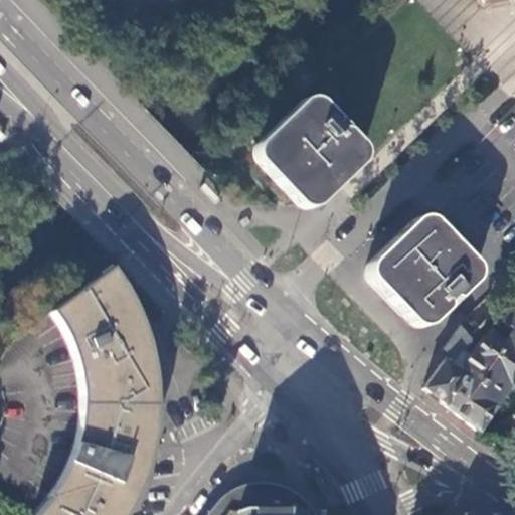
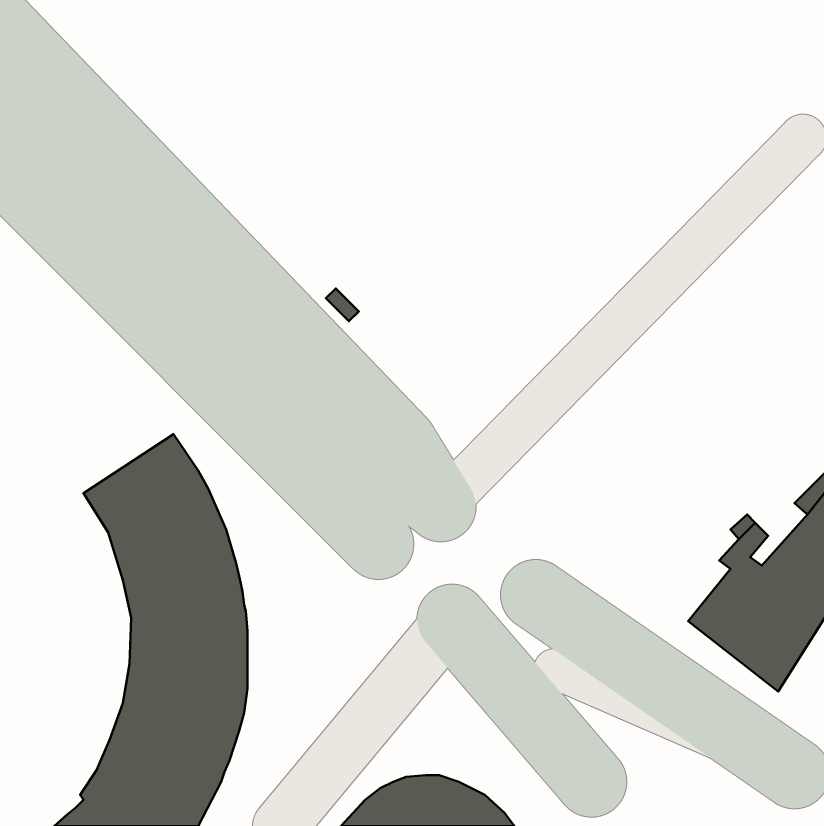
building: [262,98,368,205] -> none
building: [374,215,482,322] -> none

